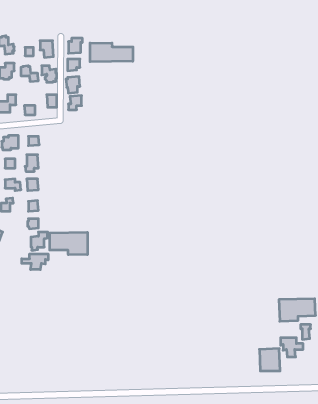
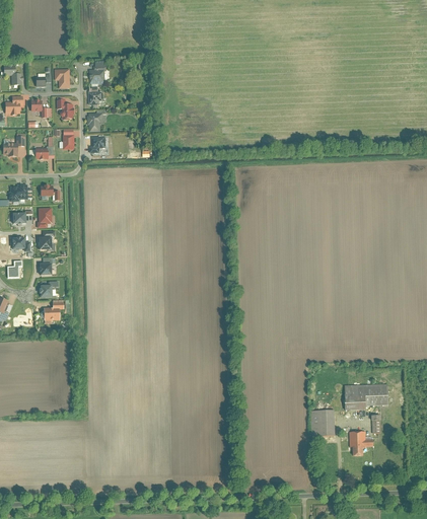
building: [90,43,133,62] -> none
building: [50,232,87,255] -> none
building: [22,254,48,270] -> none
building: [259,349,280,371] -> [311,409,337,436]

